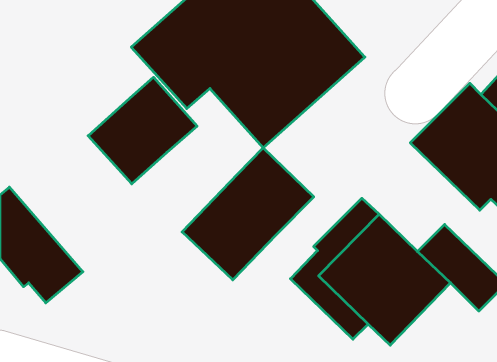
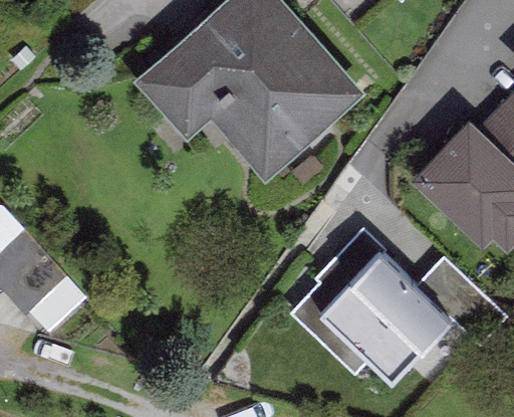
building: [88,77,197,184] -> none
building: [182,148,314,280] -> none

